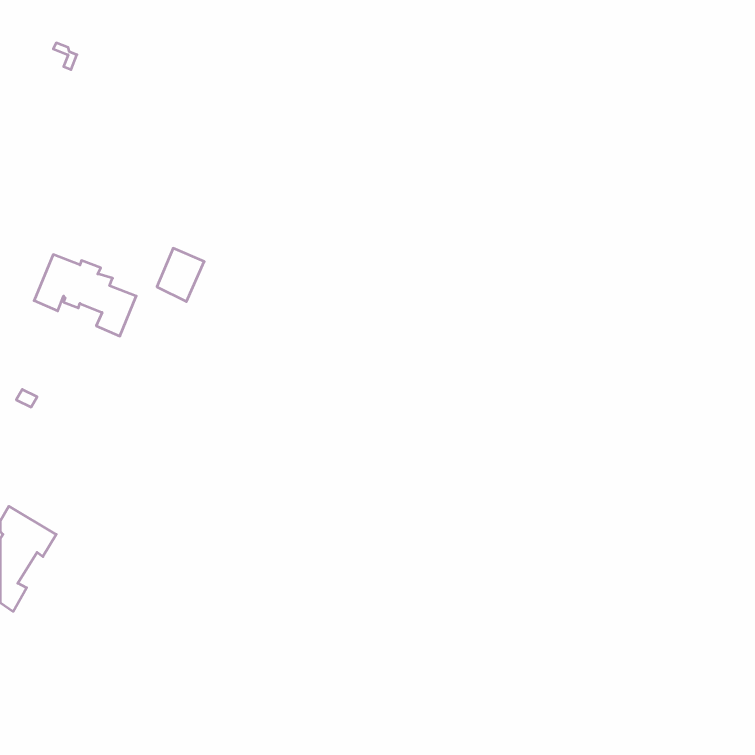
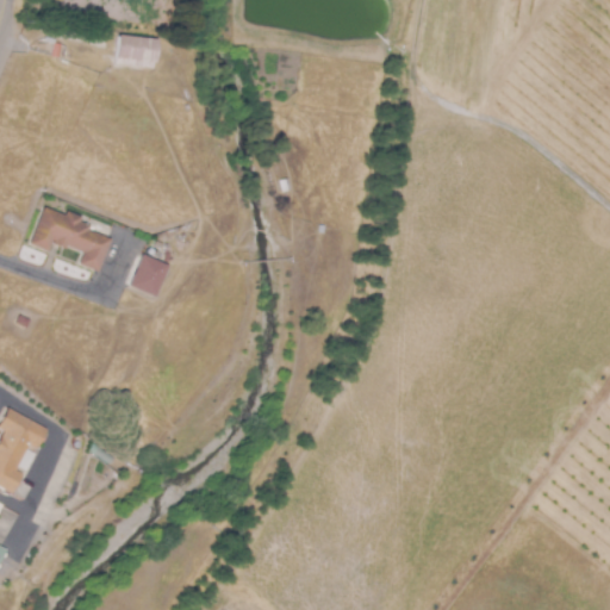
building: none -> [117,33,156,62]
building: [157,248,204,302] -> [130,255,168,298]

